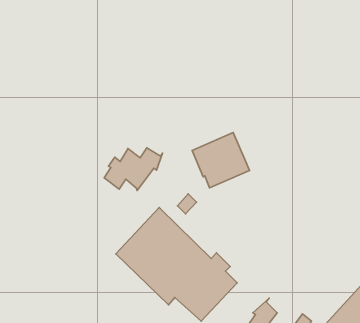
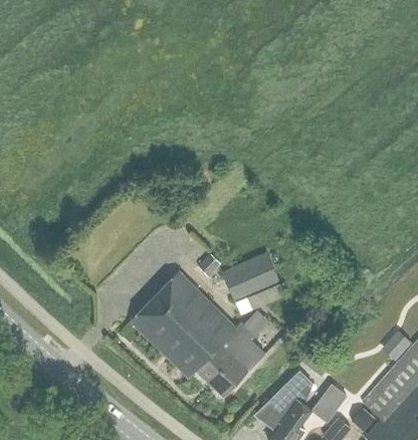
building: [192,132,249,188] -> [222,253,285,314]
building: [104,148,163,191] -> none

